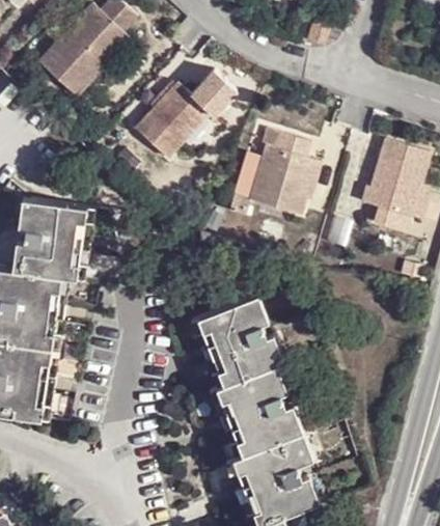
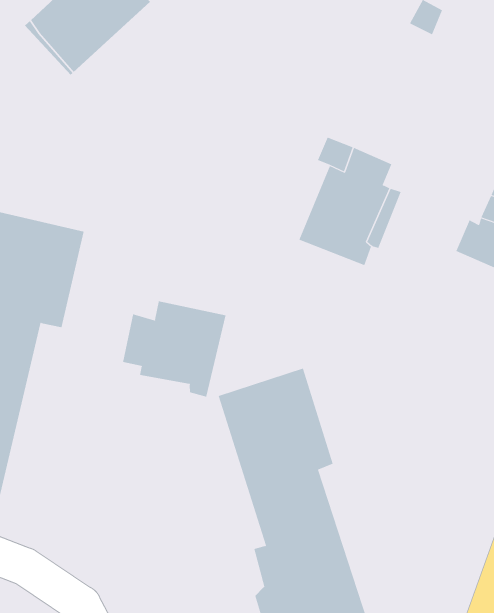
building: [133,82,221,159] -> none
building: none -> [122,301,226,397]

